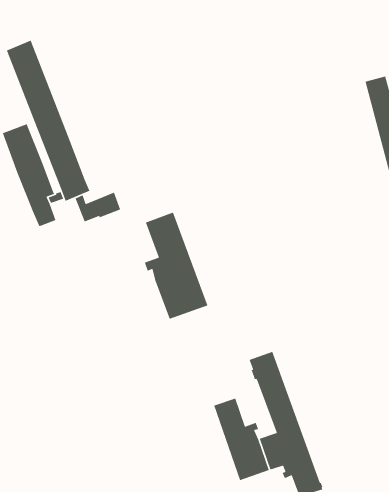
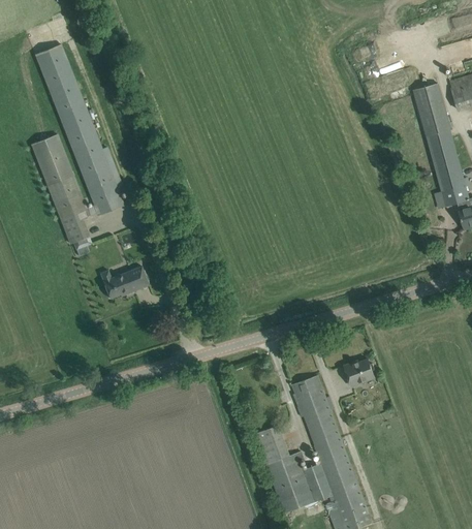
building: [74,191,121,223] -> [99,266,149,299]
building: [144,212,208,320] -> none
building: none -> [345,360,374,386]

